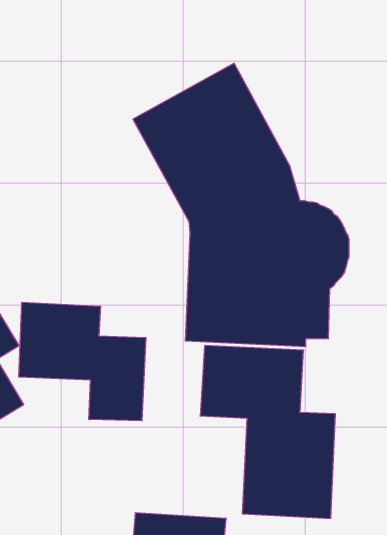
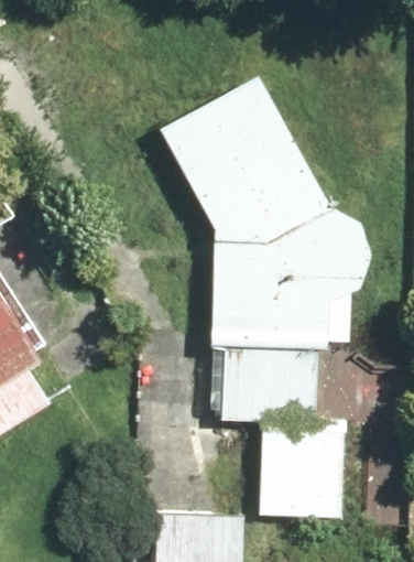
building: [19,302,146,421] -> none

